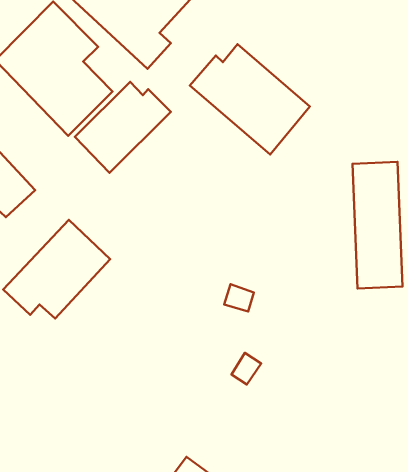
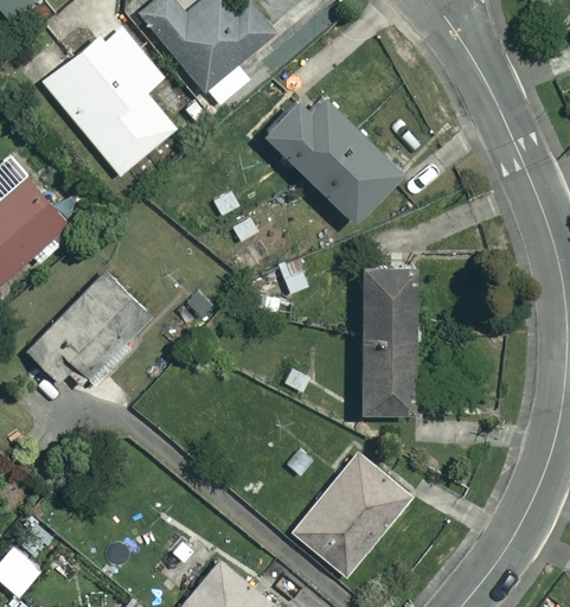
building: [75,82,171,173] -> none
building: [352,162,403,289] -> [357,262,416,409]
building: none -> [289,452,411,576]

